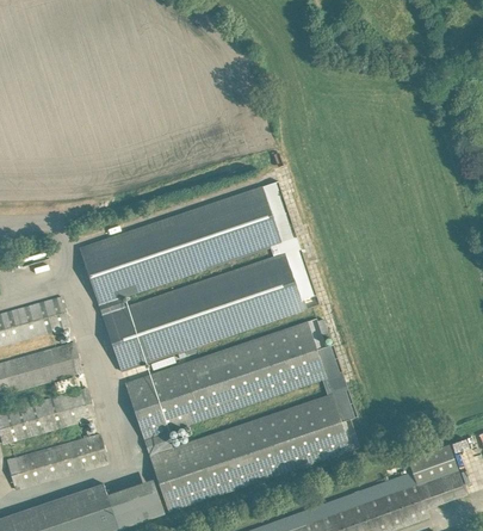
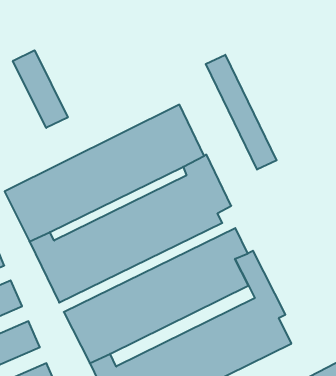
building: none -> [13,50,68,128]
building: none -> [206,55,277,170]

